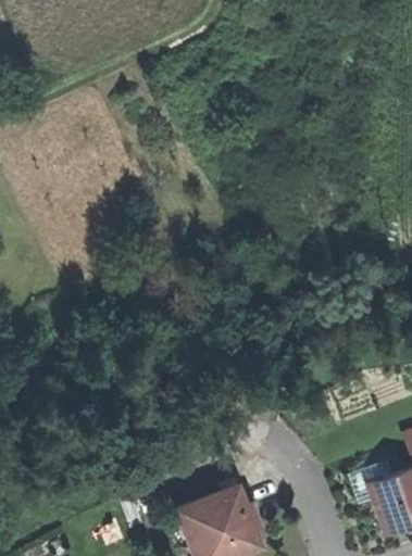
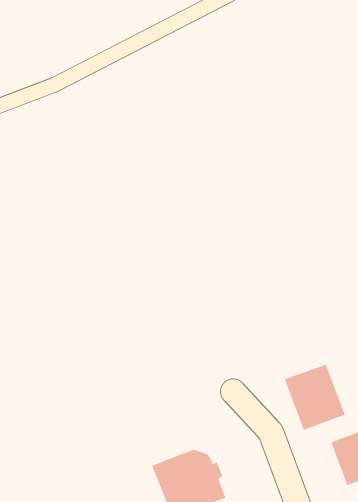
building: none -> [284,364,346,430]

